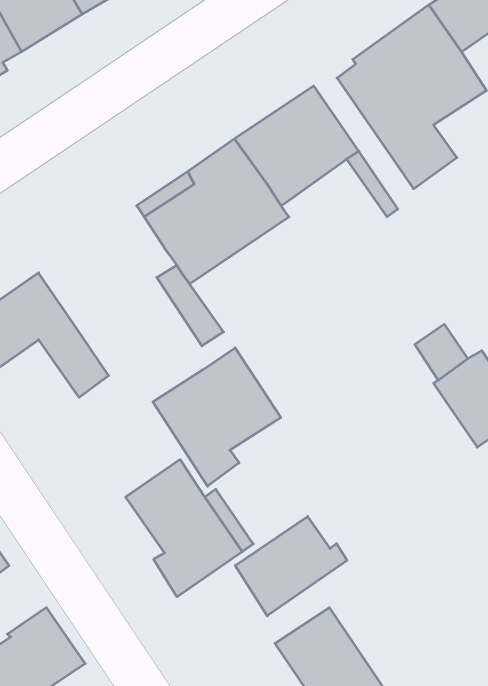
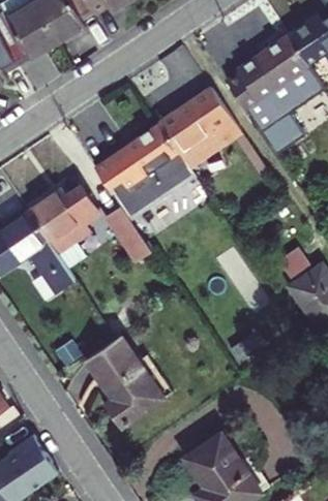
building: none -> [28,186,98,254]
building: [153,348,281,486] -> none
building: [235,516,347,616] -> none

